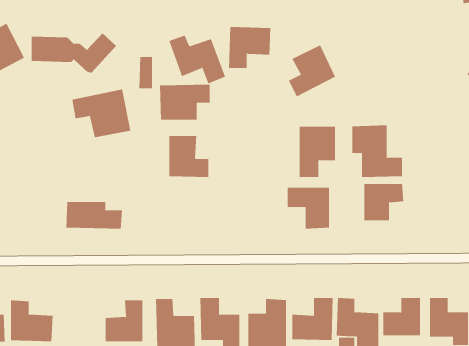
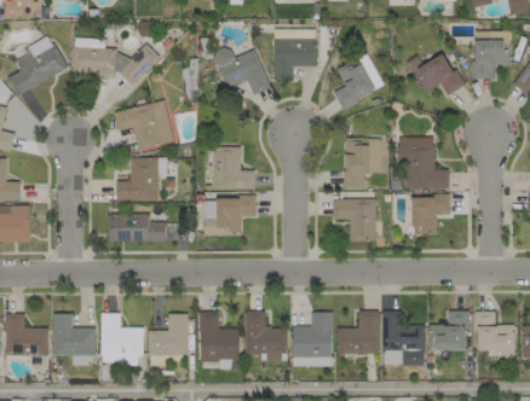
building: none -> [474,40,512,79]
building: none -> [413,54,462,94]
building: [159,84,211,120] -> [203,197,255,233]
building: none -> [116,158,159,200]
building: none -> [100,313,144,354]

